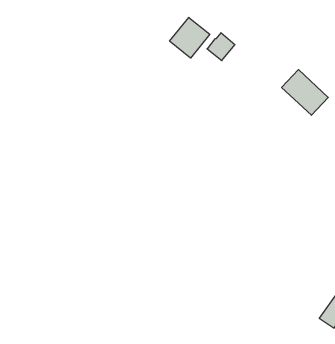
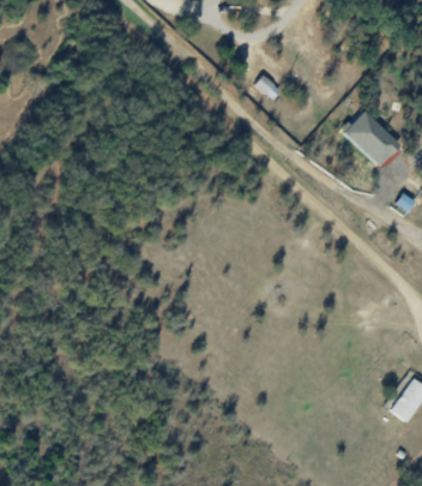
building: [170,17,210,58] -> none

